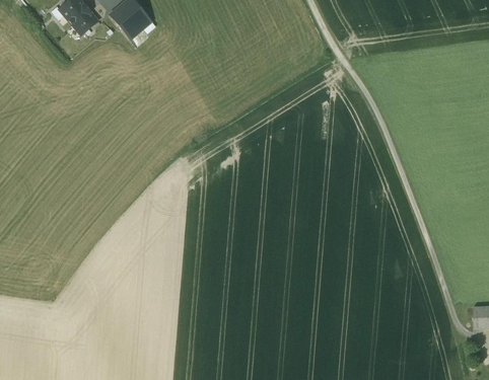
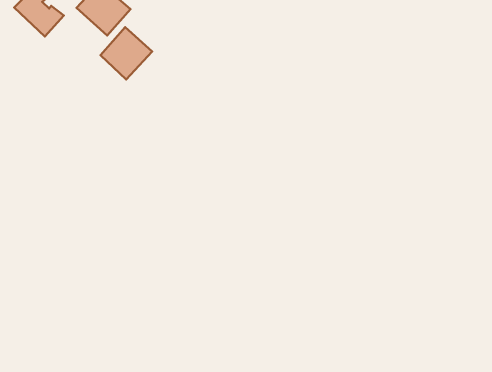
building: none -> [101,27,152,79]

